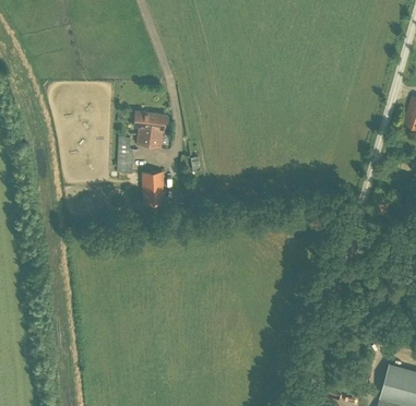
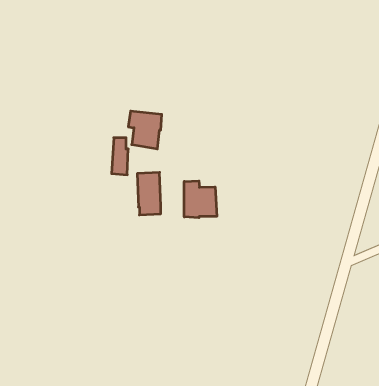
building: none -> [184,181,217,218]

